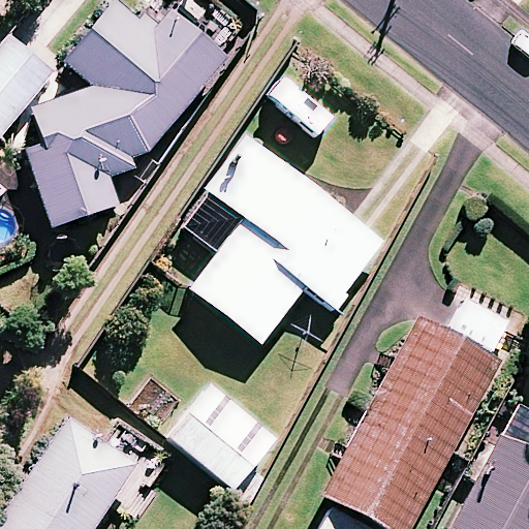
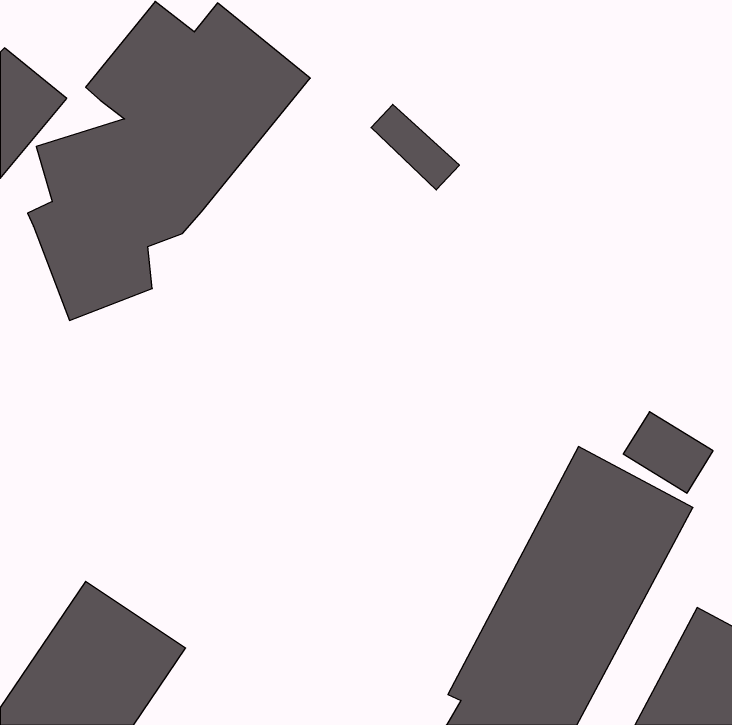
building: [186,138,384,341] -> none
building: [168,383,277,488] -> none

